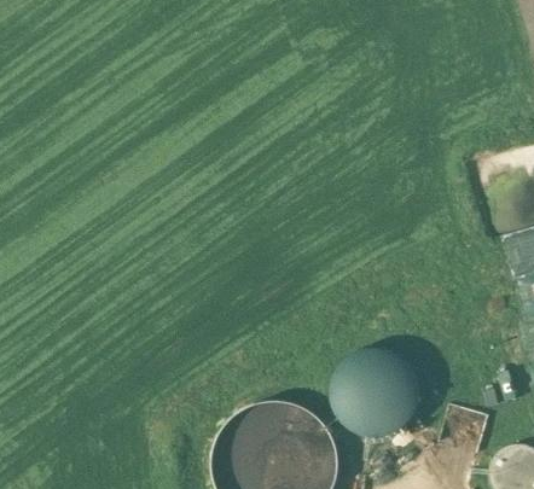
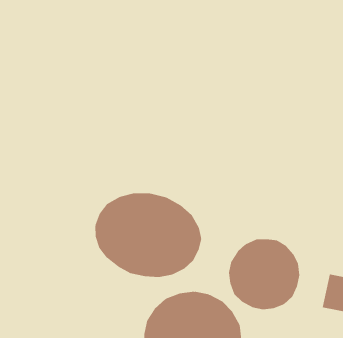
building: none -> [95,193,202,278]

